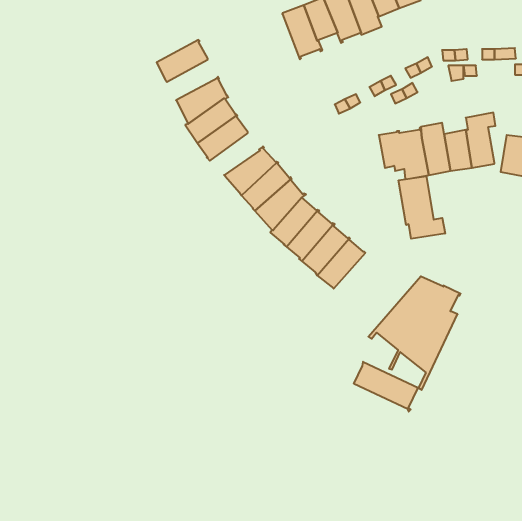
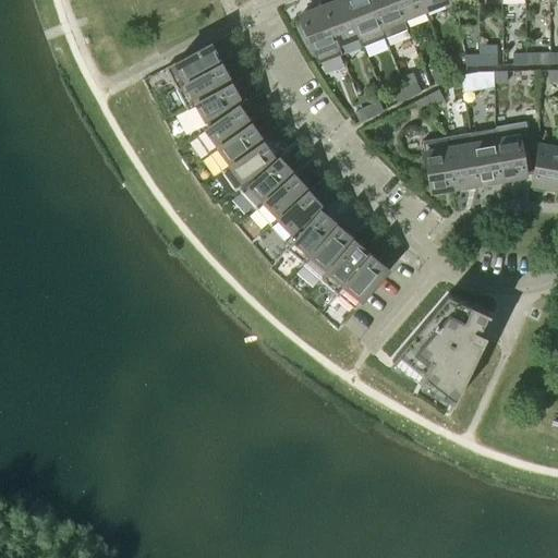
building: none -> [179,62,233,107]
building: none -> [225,141,278,190]
building: [399,176,445,239] -> none
building: [354,362,419,412] -> none

